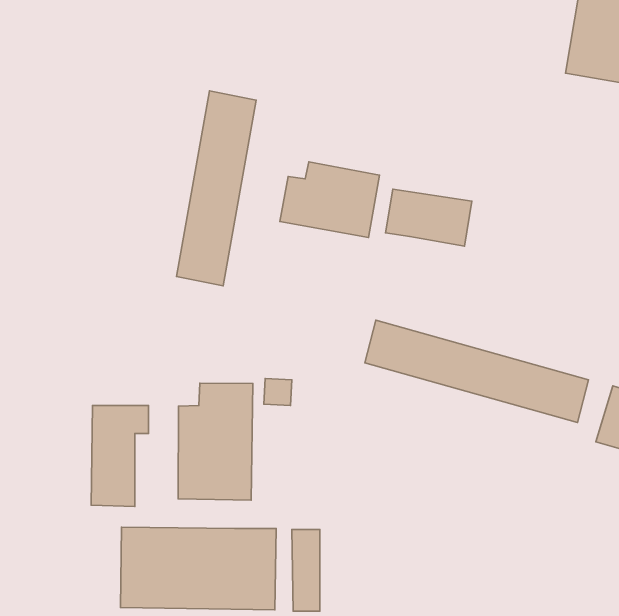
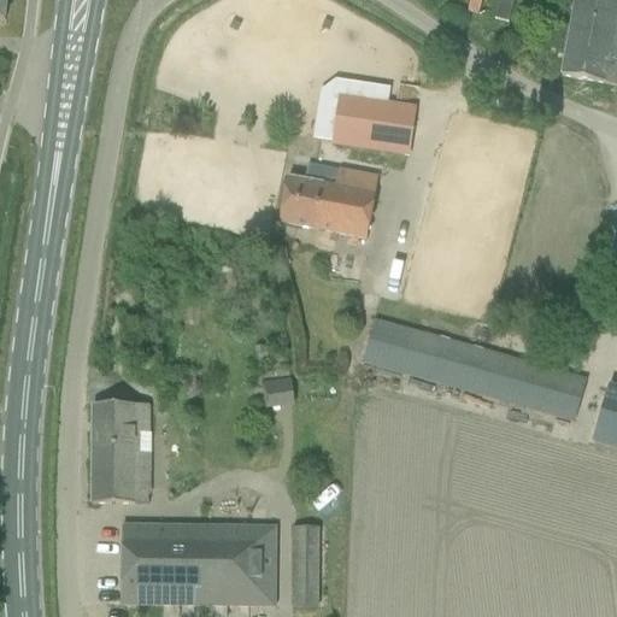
building: [176,91,256,286] -> none
building: [386,189,472,246] -> [333,95,418,152]
building: [178,383,253,500] -> none

